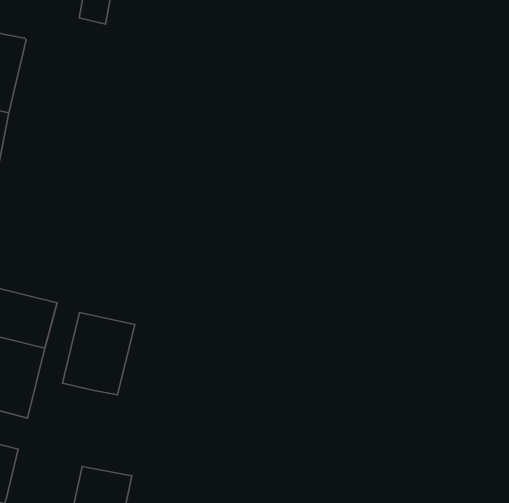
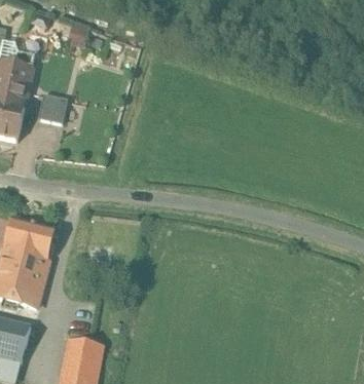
building: none -> [37,92,66,121]
building: [62,313,135,395] -> none

